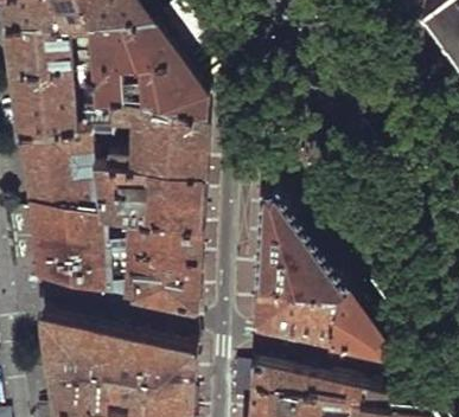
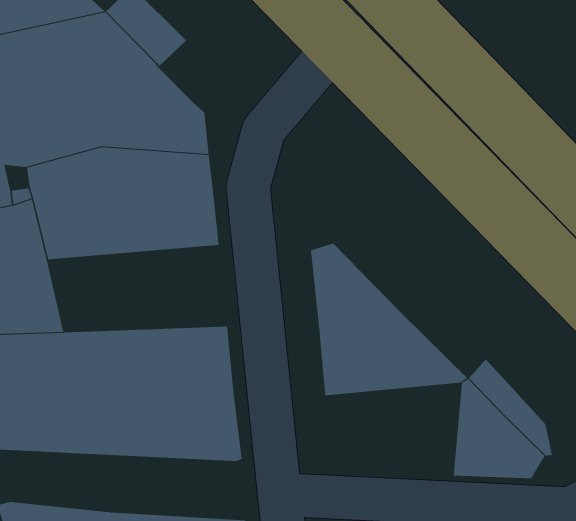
building: [90,172,200,231] -> none
building: [250,284,340,347] -> none

